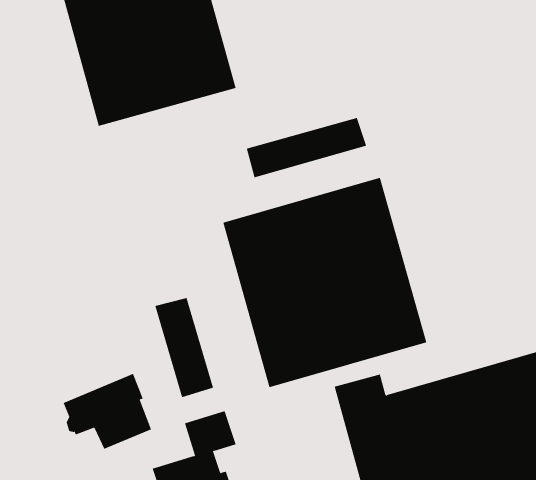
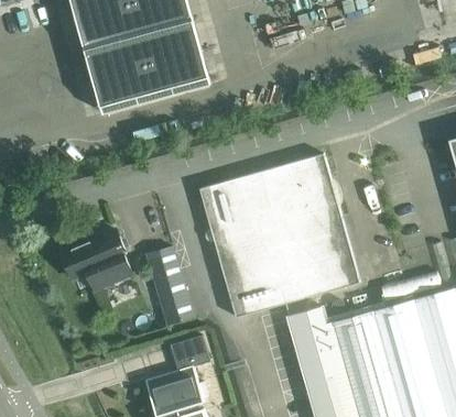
building: [246,117,367,178] -> none
building: [63,373,152,449] -> [62,230,131,289]

